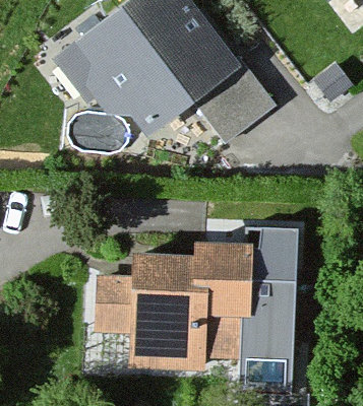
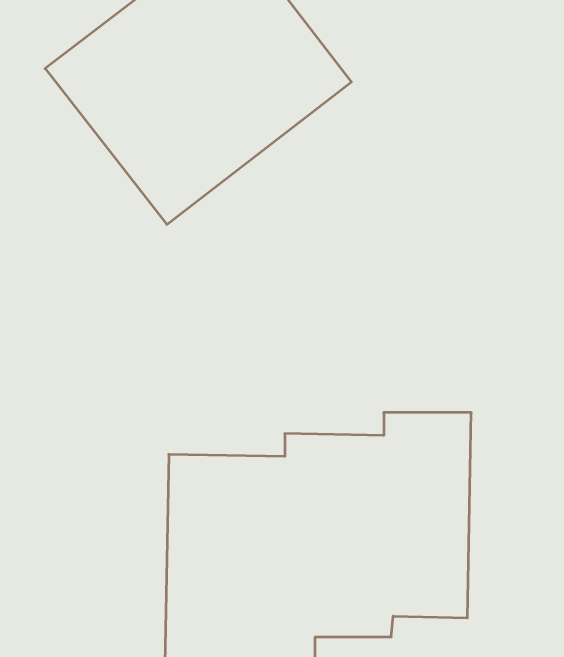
building: [188,60,277,147] -> none

